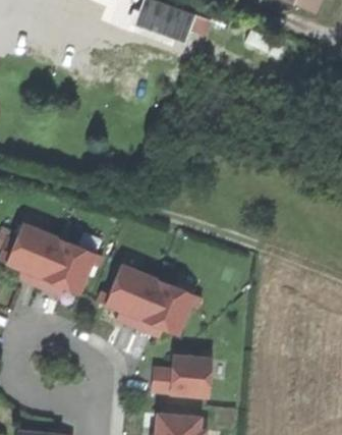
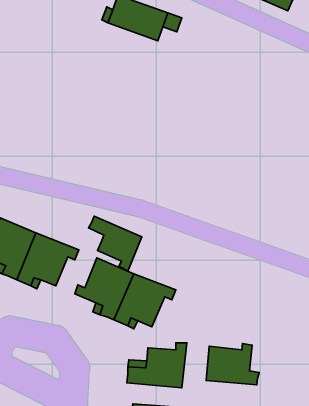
building: none -> [89,216,142,271]
building: none -> [206,343,259,385]

